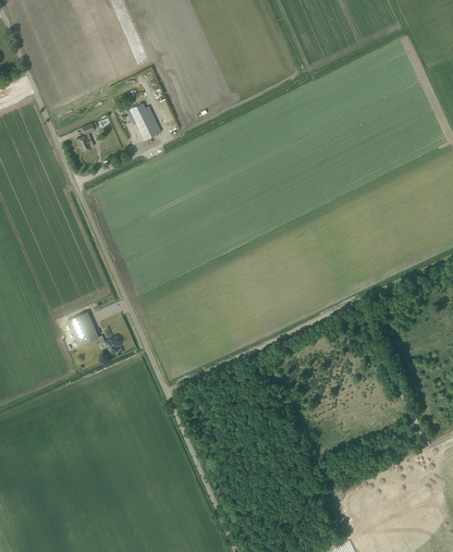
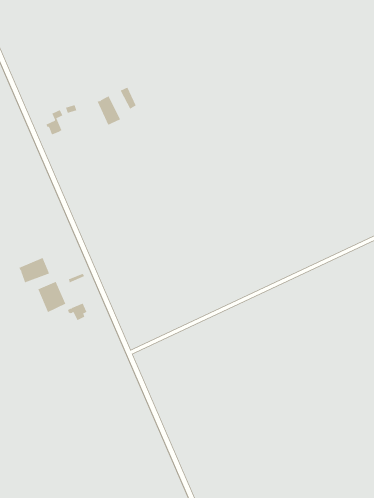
building: none -> [19,257,50,283]

